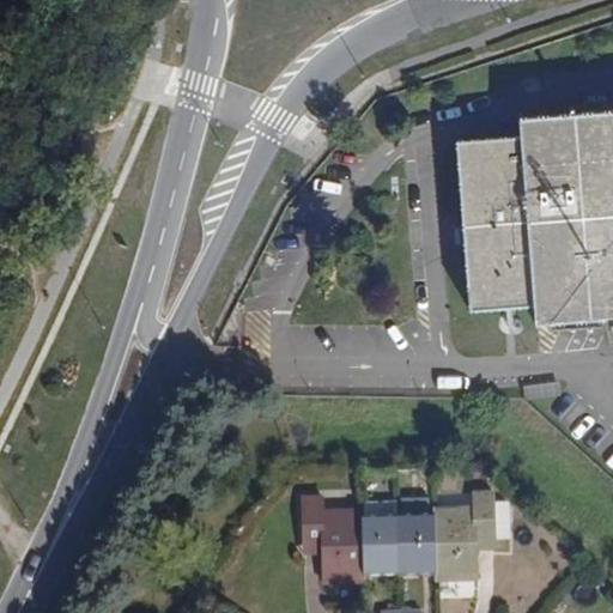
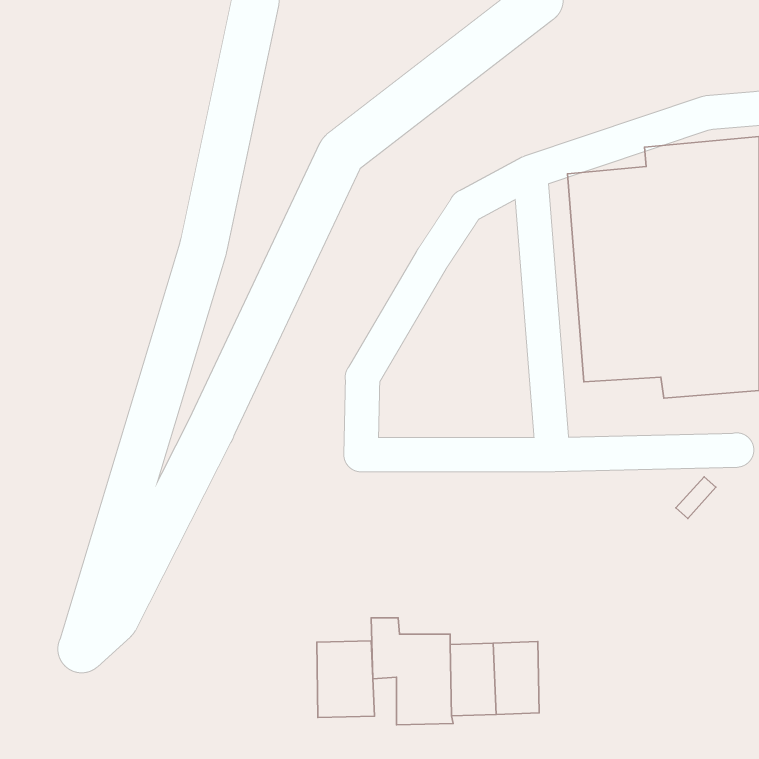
building: [433,494,496,581] -> none
building: none -> [317,641,374,718]

